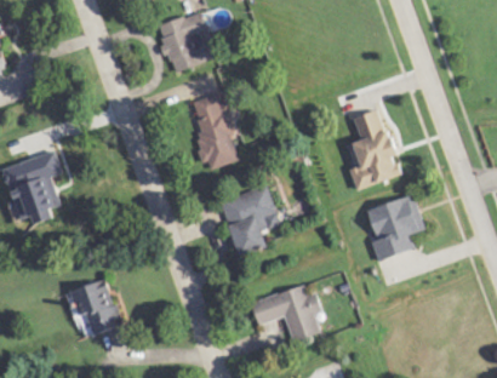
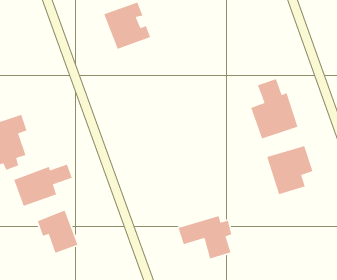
building: [189,93,239,168] -> none
building: [222,185,279,258] -> none
building: none -> [13,164,73,207]

